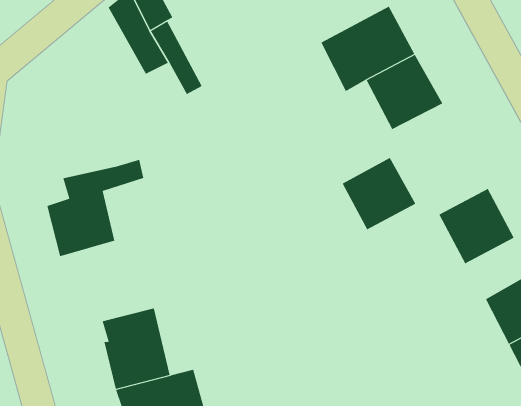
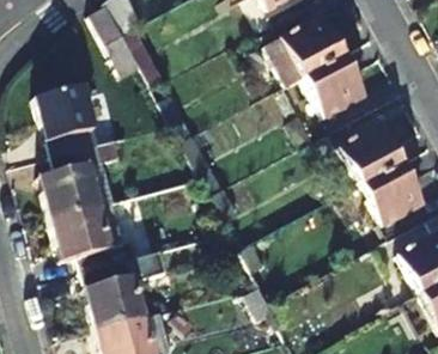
building: none -> [36,86,97,155]
building: [342,157,416,230] -> [342,126,403,185]
building: none -> [51,203,129,273]

